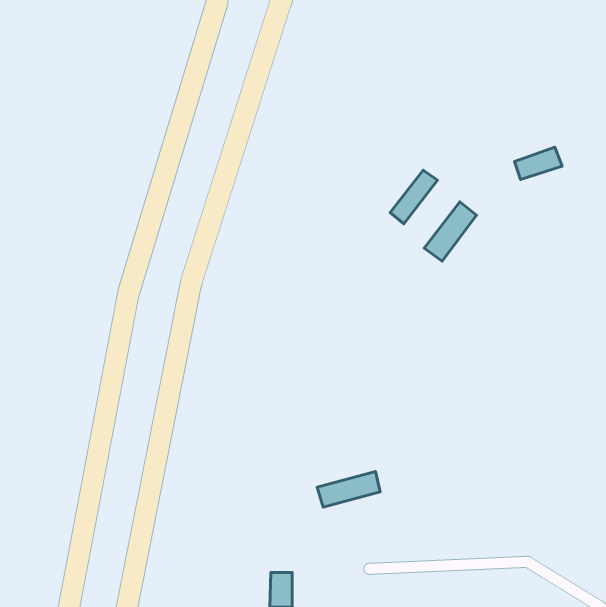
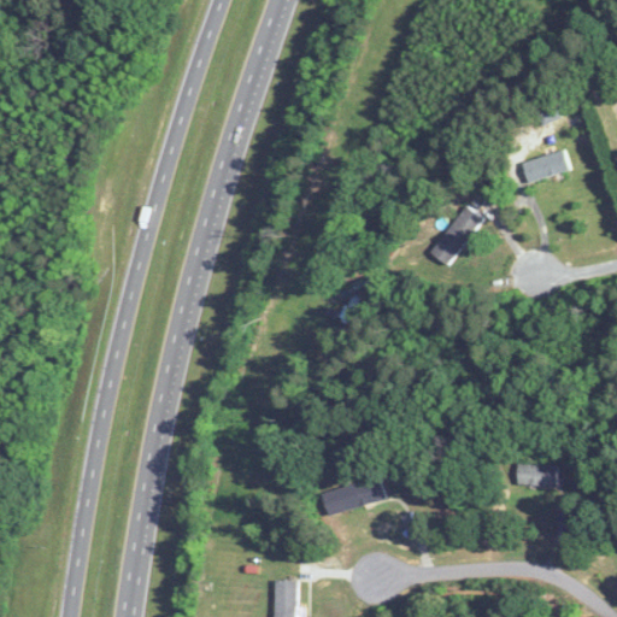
building: [390,170,437,224] -> none
building: none -> [517,464,557,486]

